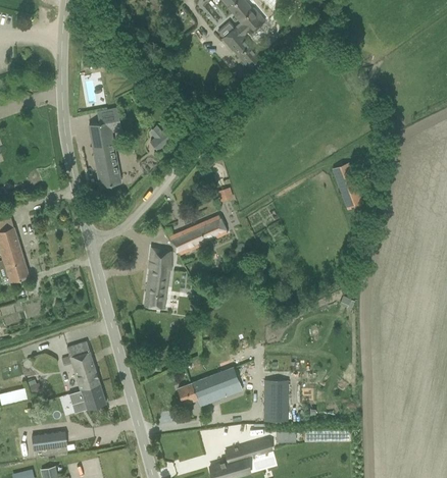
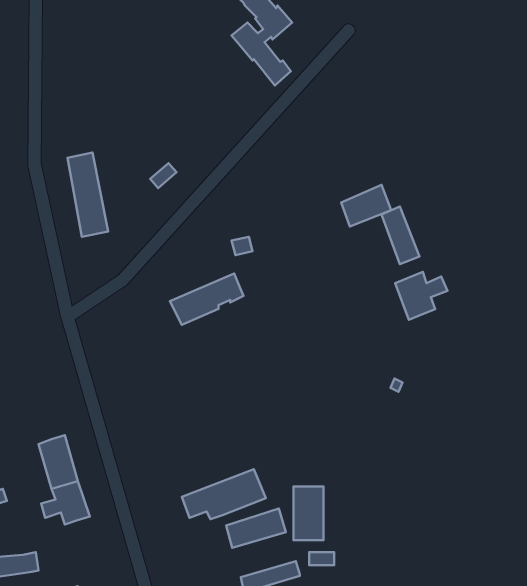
building: none -> [341,185,391,226]
building: none -> [395,272,448,320]
building: [144,248,170,308] -> none
building: none -> [226,508,286,548]

